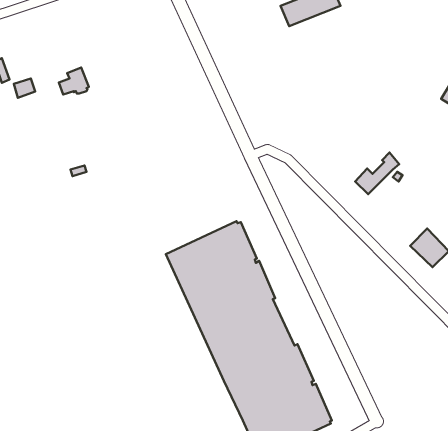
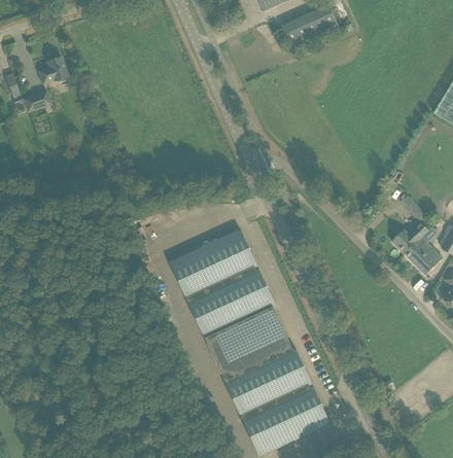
building: [59,68,89,94] -> [39,57,68,82]
building: [355,153,399,194] -> [392,213,434,253]

